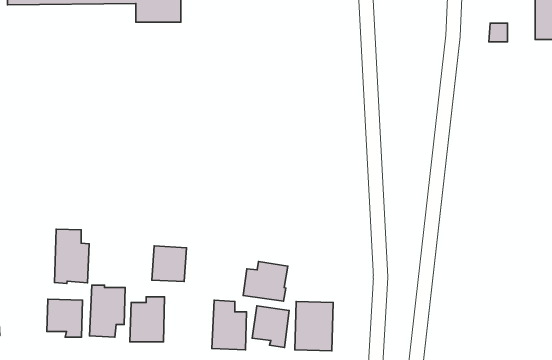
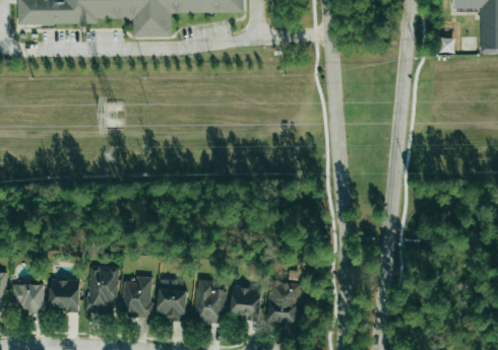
building: [54,229,89,284] -> none
building: [152,246,187,281] -> [158,288,188,320]
building: [243,261,288,301] -> none
building: none -> [13,283,46,311]

